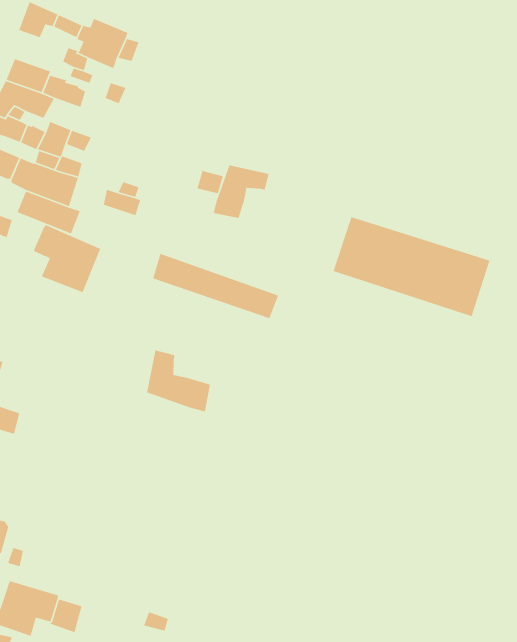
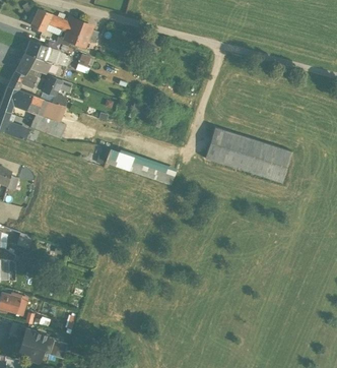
building: [213,165,270,219] -> none
building: [33,224,101,293] -> none
building: [146,349,211,412] -> none

